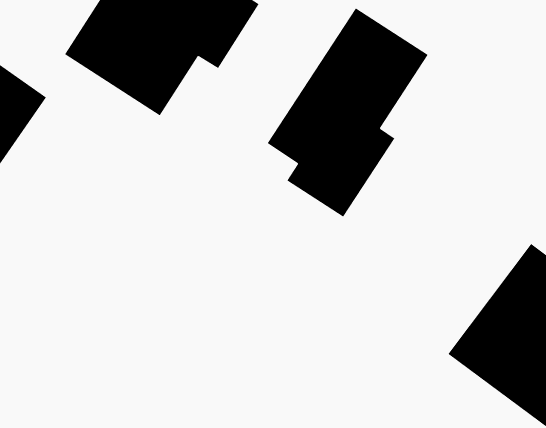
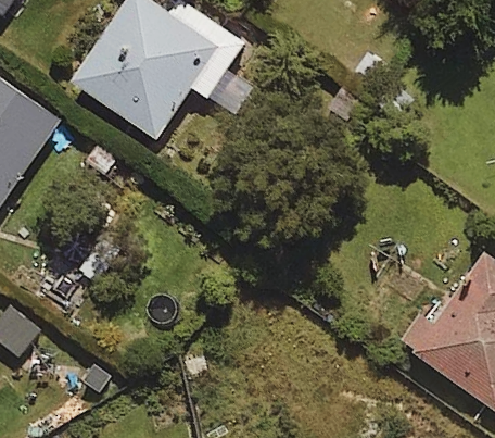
building: [267,7,429,217] -> none

